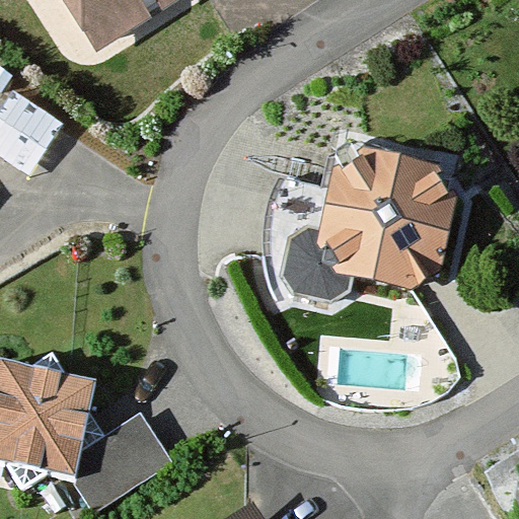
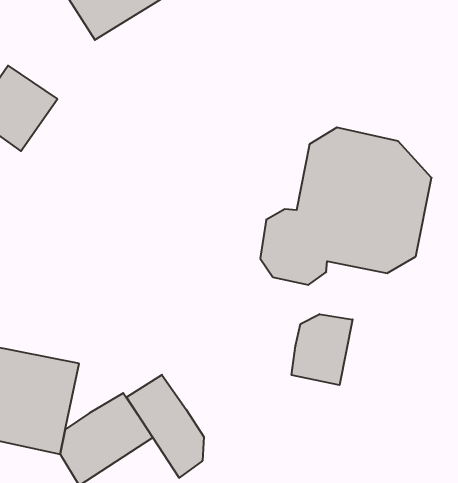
building: none -> [292,314,353,385]
building: none -> [127,375,204,478]

